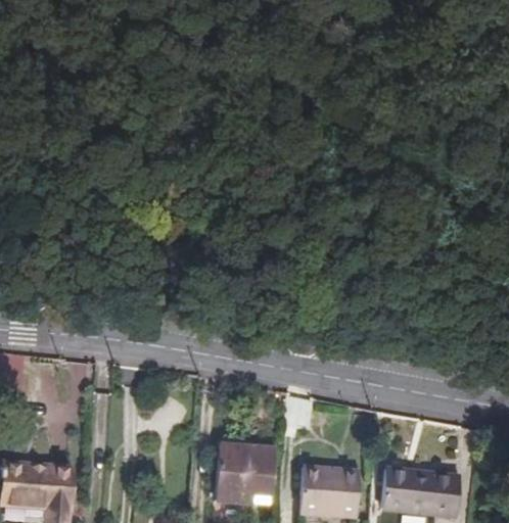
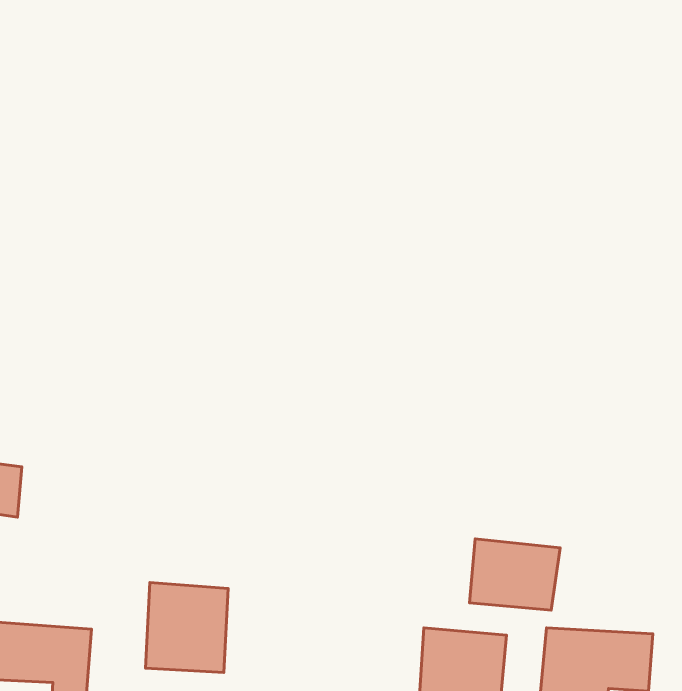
building: none -> [470,539,560,610]
building: [218,441,275,504] -> [145,583,228,673]

